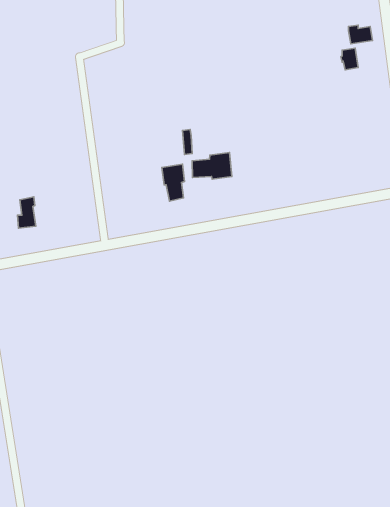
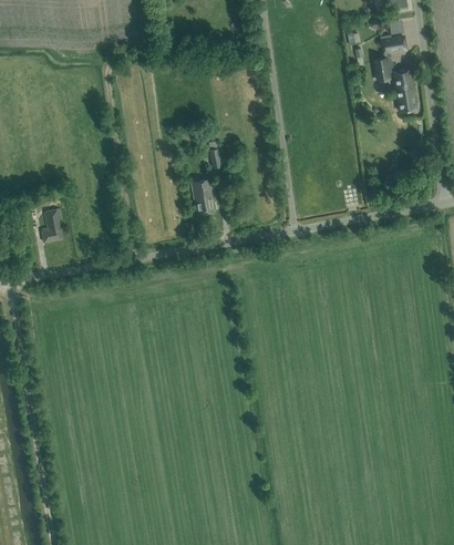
building: none -> [393,68,415,111]
building: [192,153,232,179] -> none

